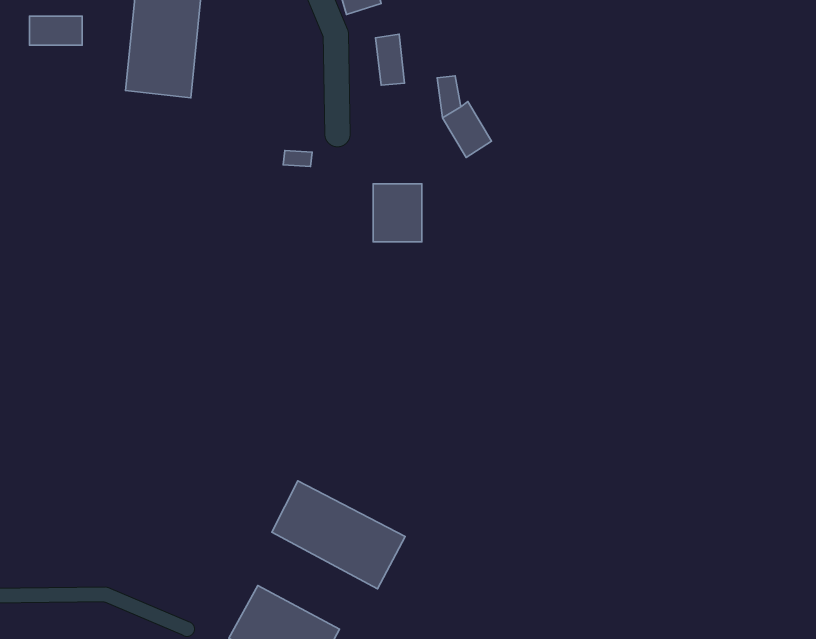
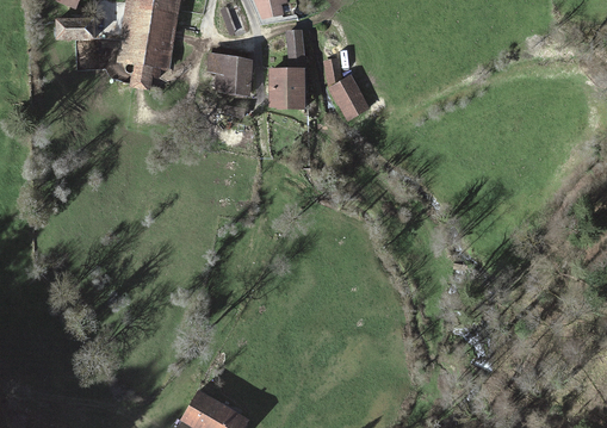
building: none -> [210,58,247,89]
building: [373,184,422,242] -> [272,69,304,107]
building: [272,481,405,589] -> none

